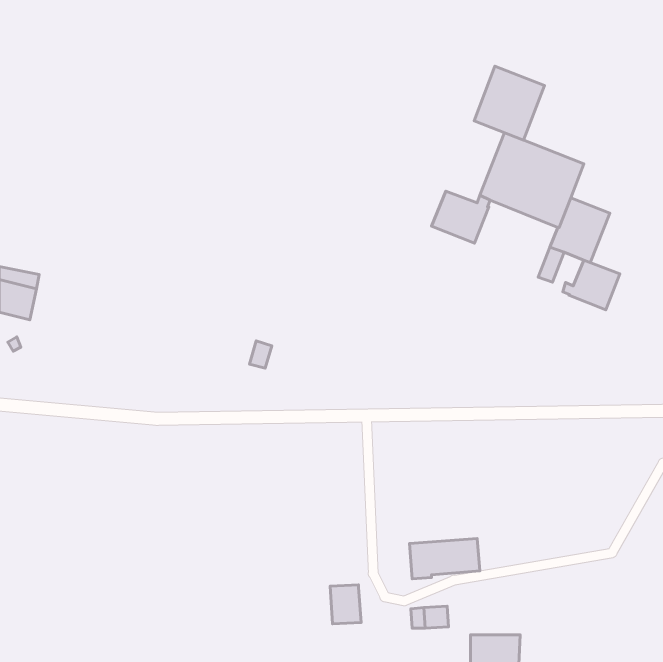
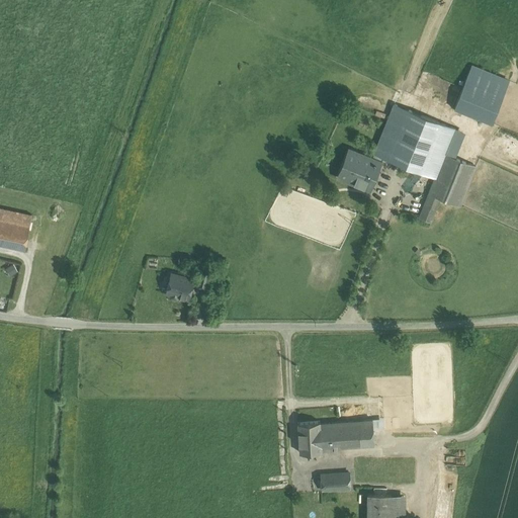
building: [474,66,544,140] -> [453,68,508,125]
building: [563,260,620,310] -> none
building: none -> [165,274,192,299]
building: [330,585,361,624] -> [296,423,321,453]

